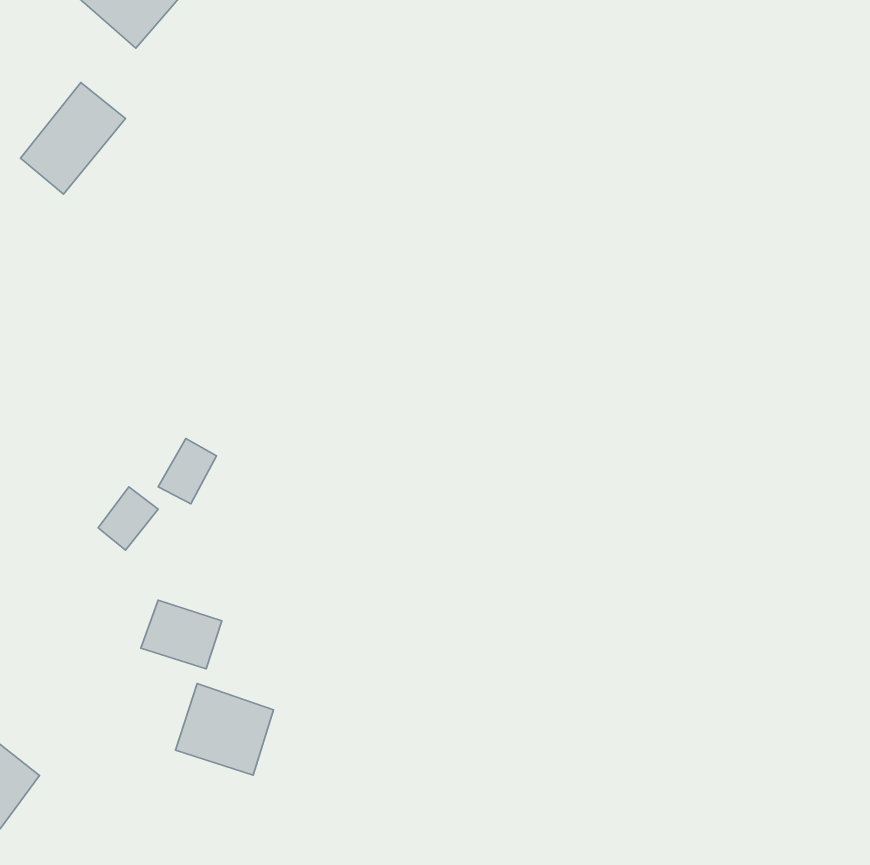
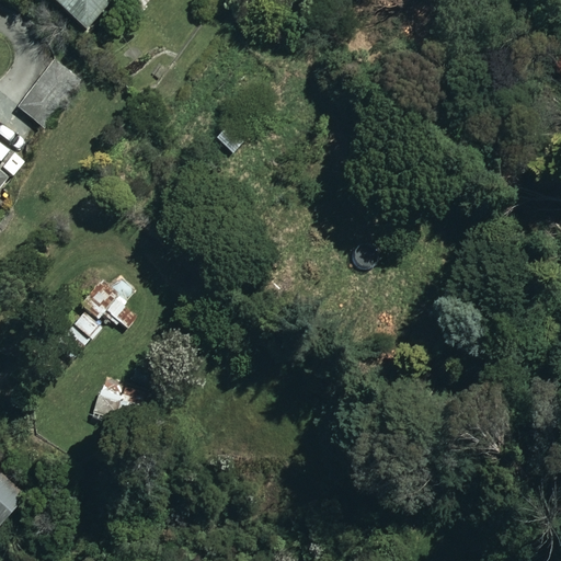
building: [176,684,274,775] -> none

